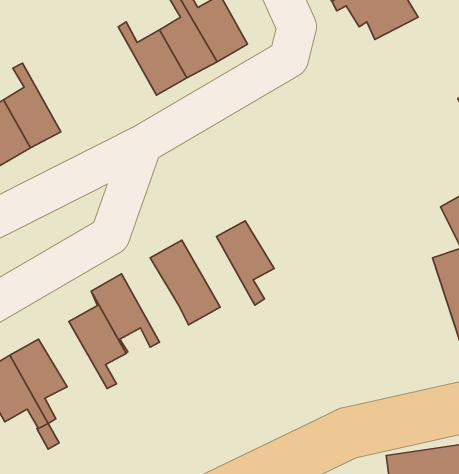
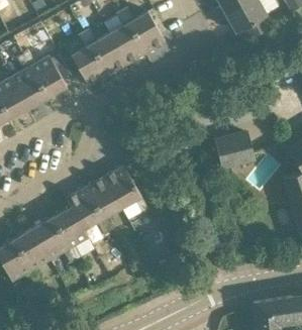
building: none -> [73,31,109,86]
building: none -> [14,32,68,98]
building: none -> [217,132,254,169]
building: [217,221,274,305] -> [87,178,123,231]
building: none -> [34,218,78,264]

